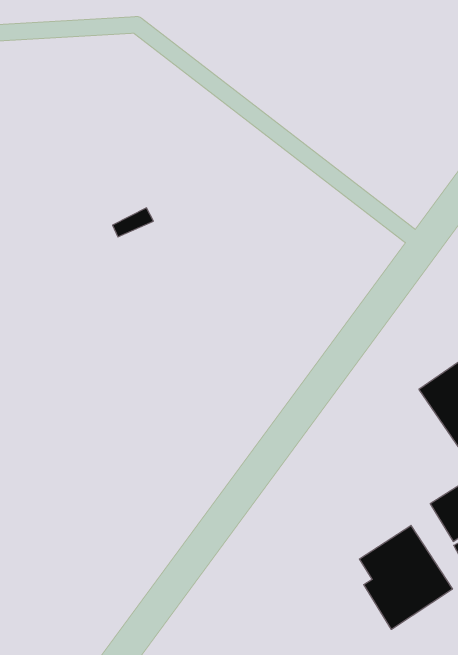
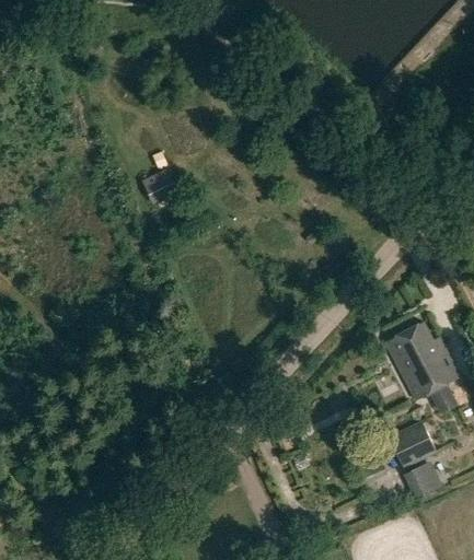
building: [359,525,452,629] -> none

